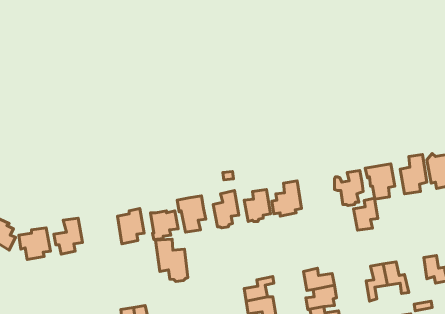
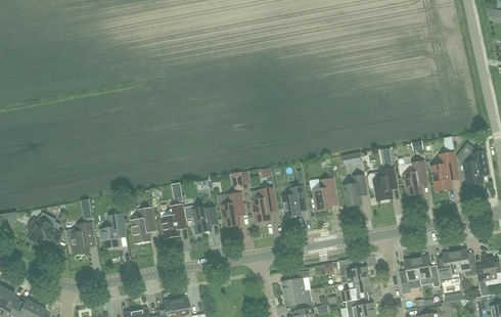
building: [353,198,378,230] -> [344,175,367,206]
building: none -> [132,208,155,242]
building: [156,239,188,282] -> none
building: none -> [437,252,458,280]

